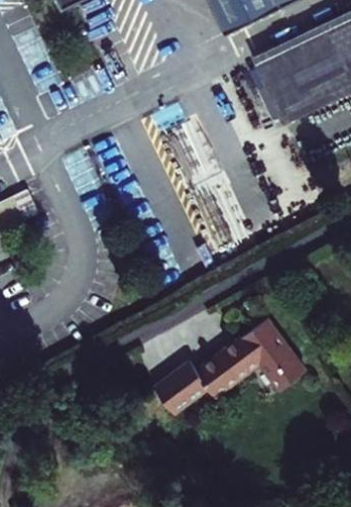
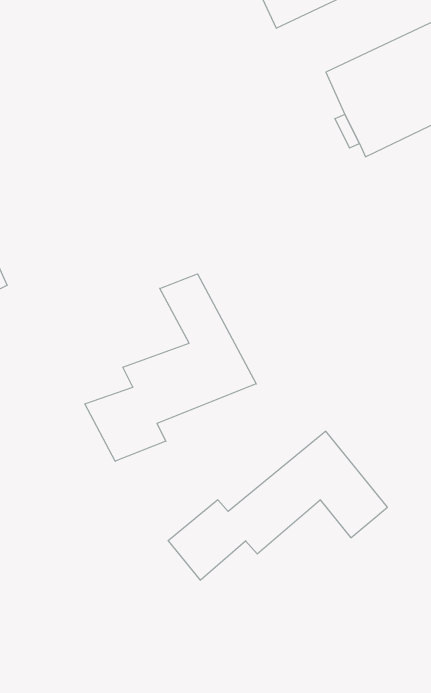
building: none -> [85,274,256,461]

